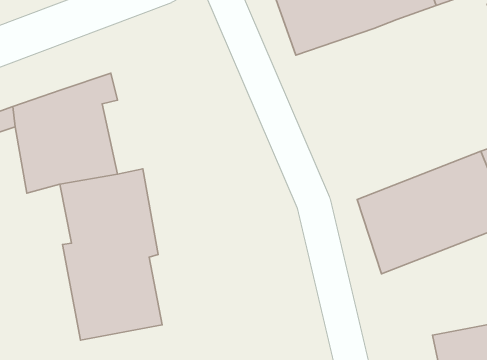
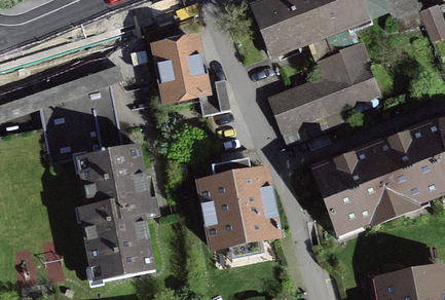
building: none -> [266,24,383,149]
building: none -> [151,37,211,108]
building: none -> [194,160,280,260]

